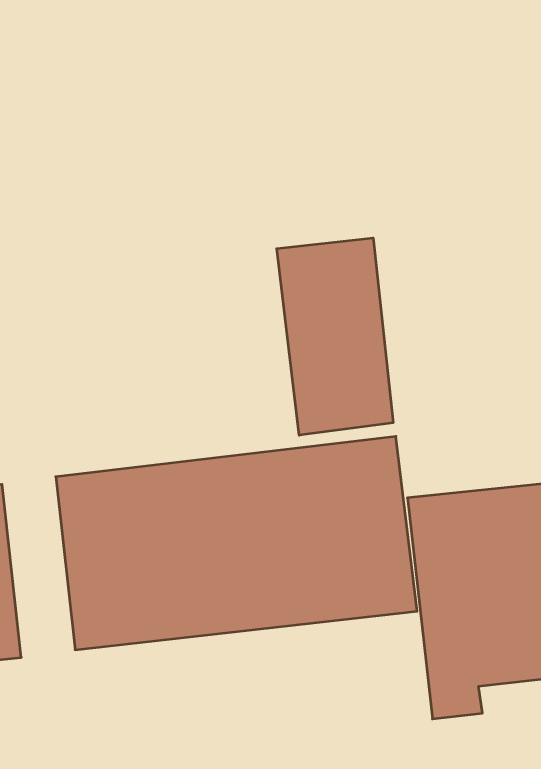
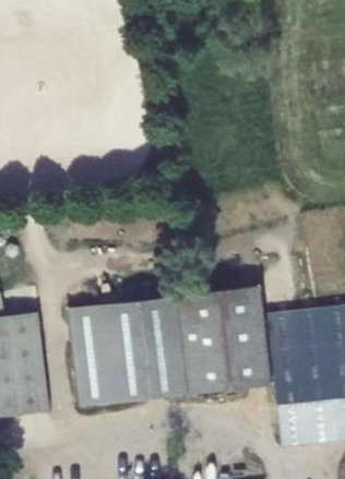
building: [277,238,393,435] -> none

